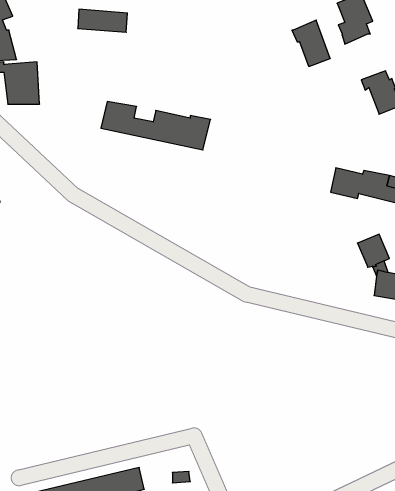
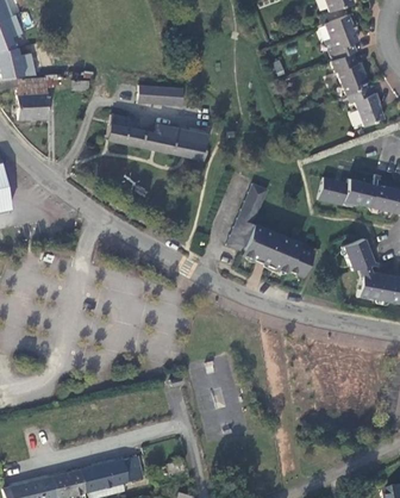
building: [78,9,127,32] -> [135,83,181,105]
building: [292,20,330,66] -> [330,50,365,93]
building: none -> [226,181,313,275]

